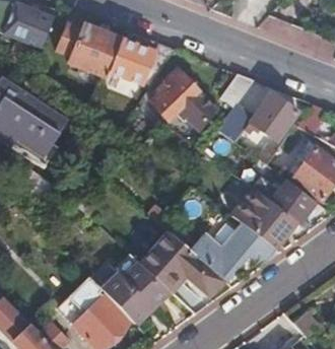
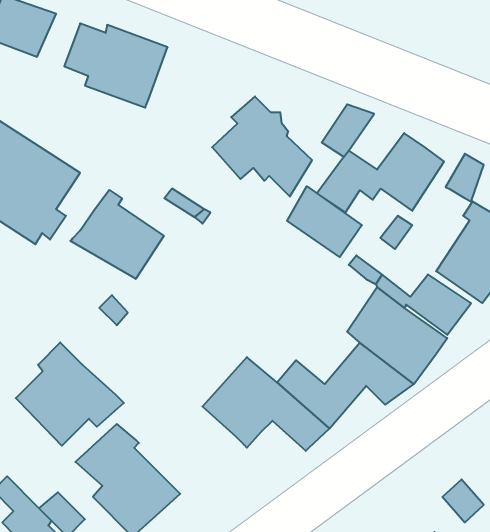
building: [109,38,174,84] -> none
building: none -> [287,186,362,257]
building: none -> [70,190,164,279]
building: [100,253,170,319] -> [16,342,124,446]

